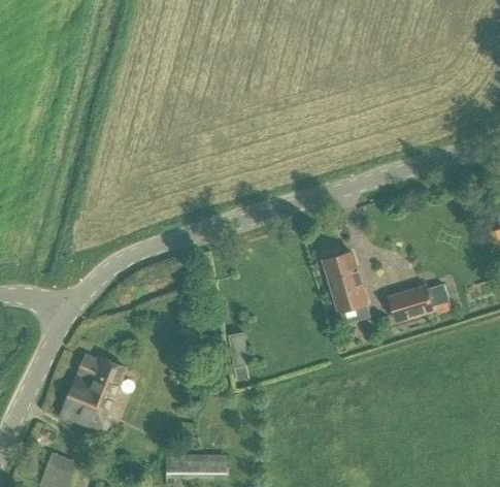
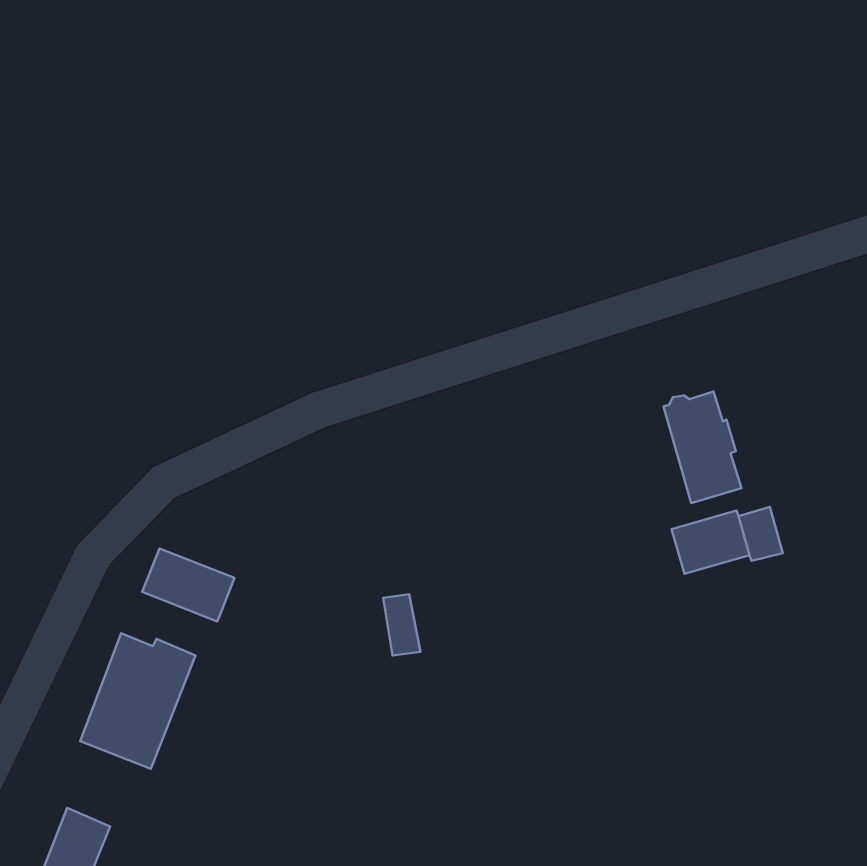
building: [324,252,367,314] -> [663,392,742,503]
building: none -> [142,548,235,621]
building: [167,455,224,477] -> none

